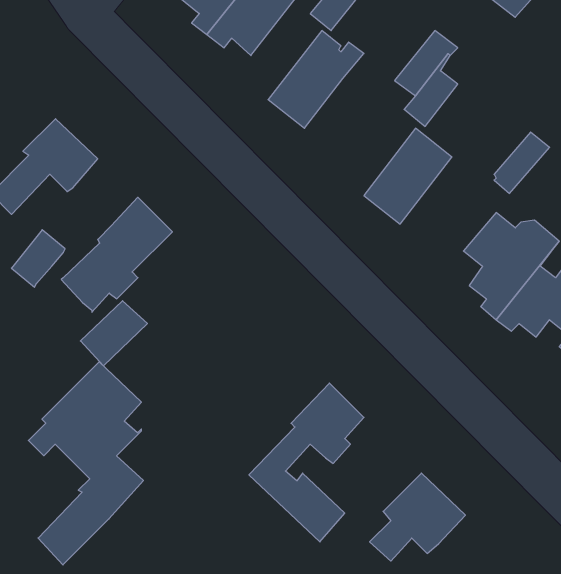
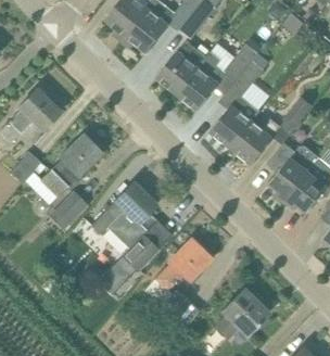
building: none -> [176,65,227,111]
building: none -> [230,111,280,165]
building: [28,362,143,565] -> [91,182,156,297]

